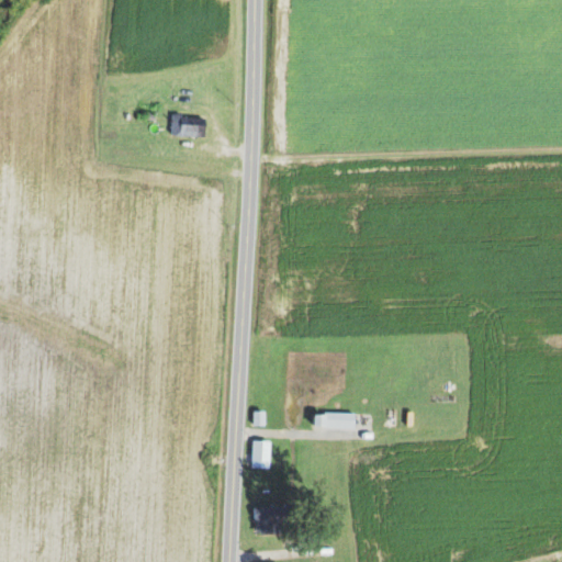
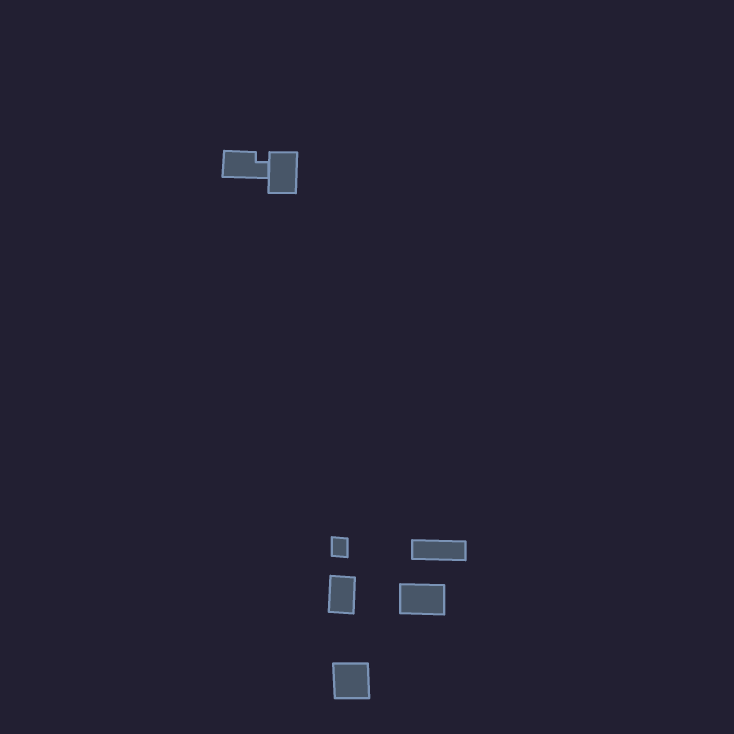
building: none -> [268,152,297,193]
building: none -> [400,584,444,614]

